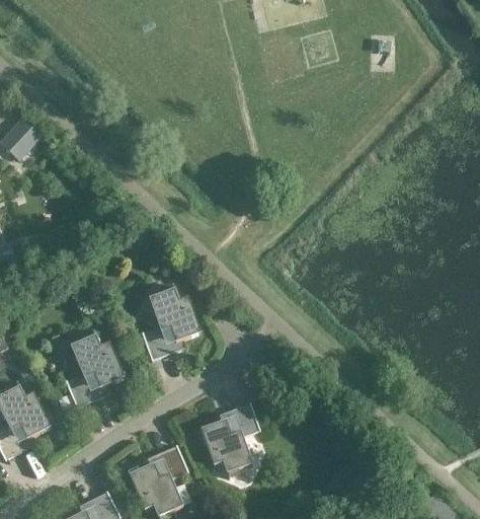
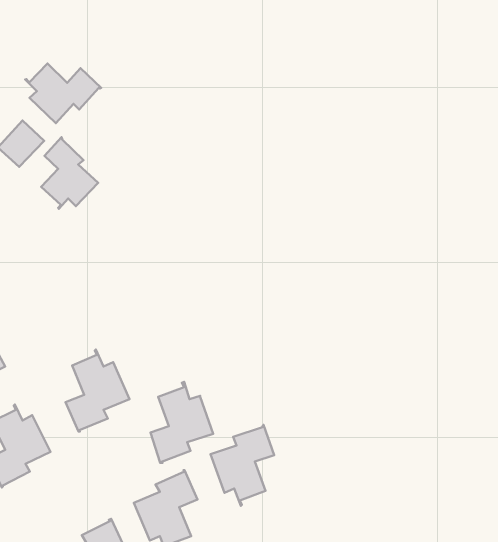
building: none -> [25,64,101,123]
building: none -> [41,137,98,209]
building: [141,284,199,360] -> [151,382,213,463]

